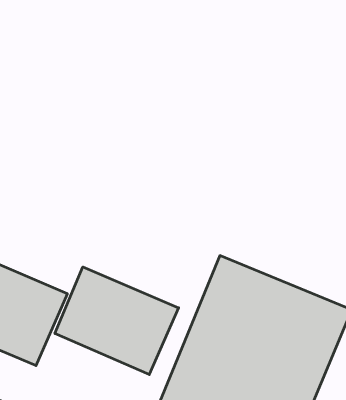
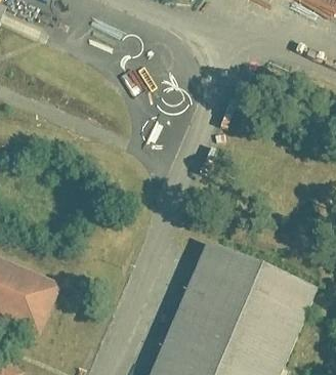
building: [55,267,179,375] -> none

